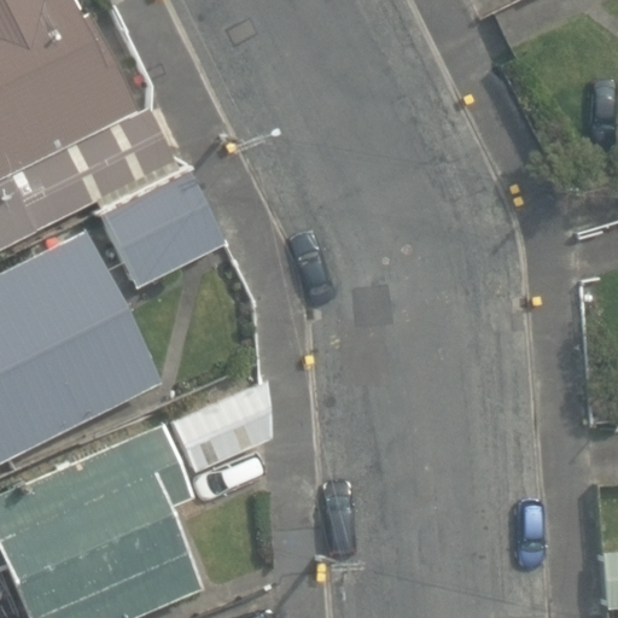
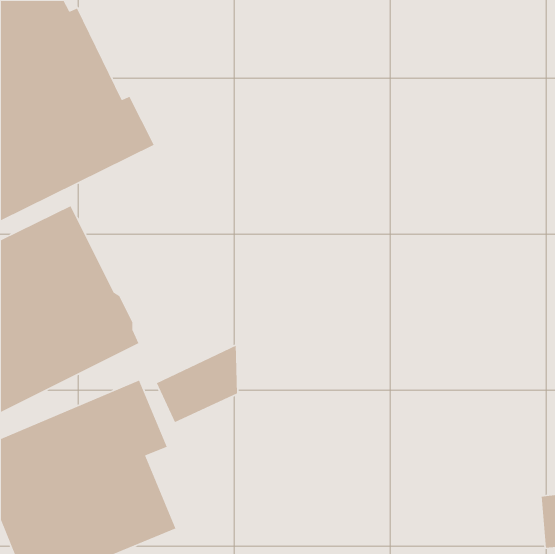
building: [98,169,225,287] -> none

